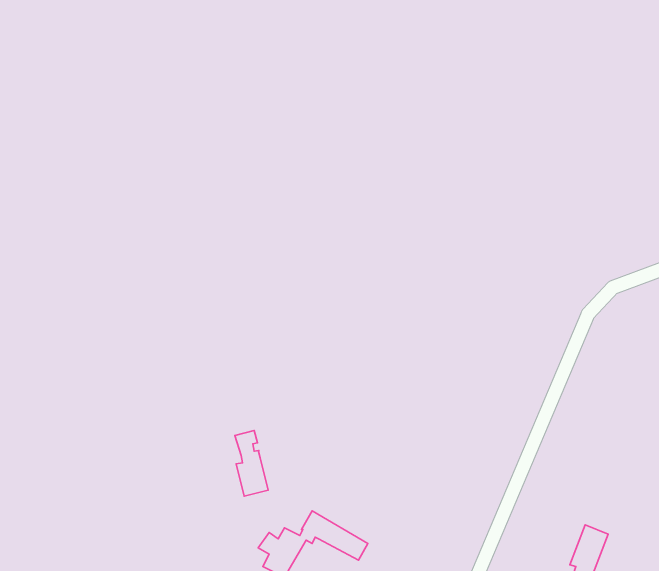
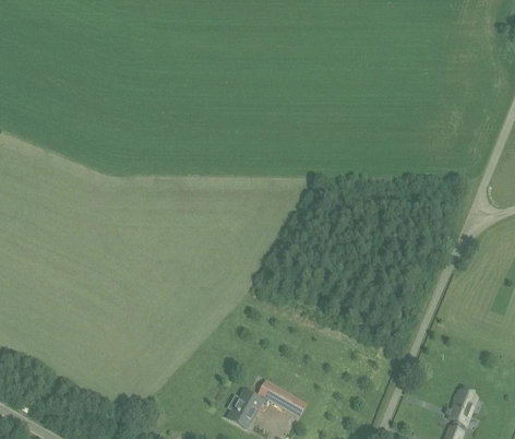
building: [235,430,268,496] -> none

